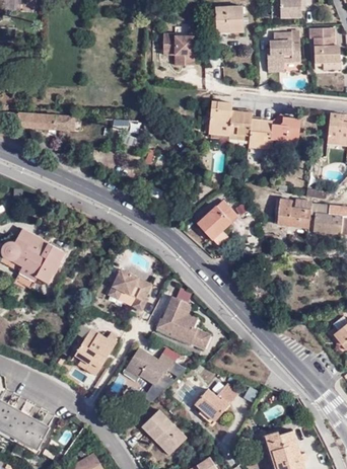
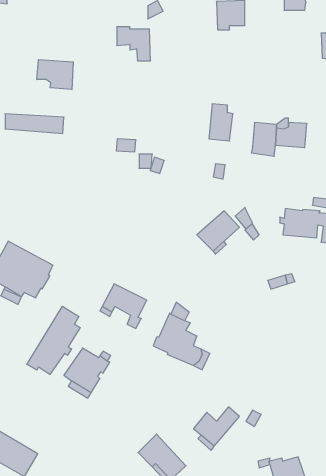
building: [266,28,299,65] -> none
building: [163,34,195,66] -> [117,27,151,61]
building: none -> [37,60,73,90]
building: [228,111,252,142] -> none
building: none -> [27,306,80,374]
building: [127,348,175,384] -> none

